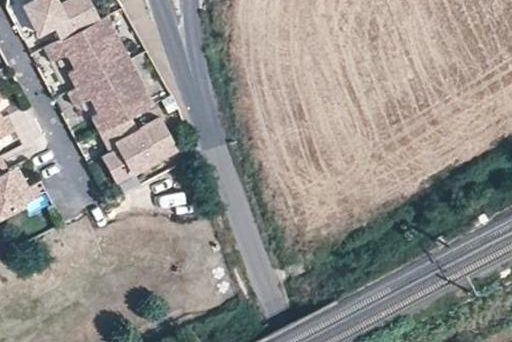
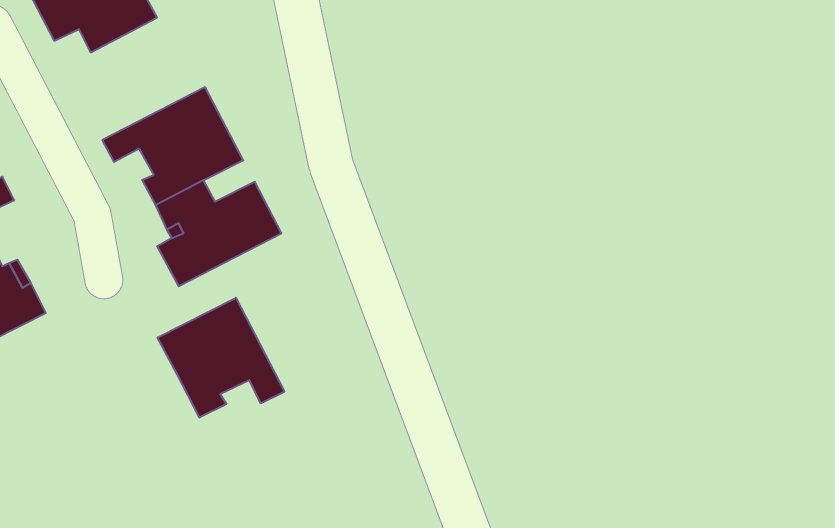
building: [44,16,129,88] -> none
building: none -> [158,298,284,418]

